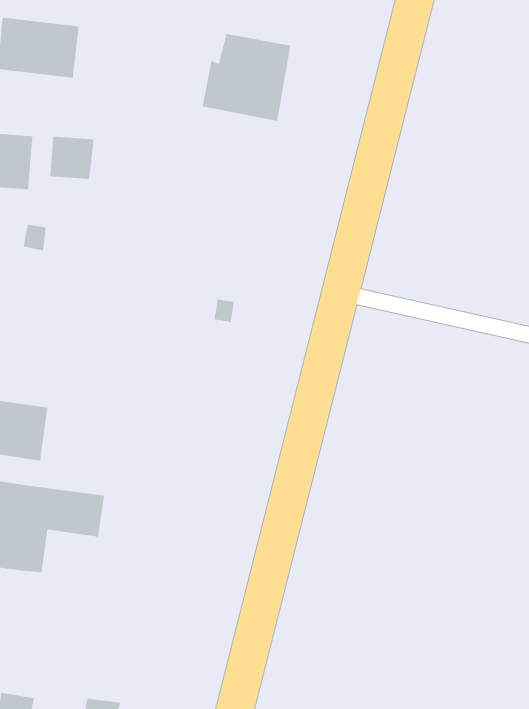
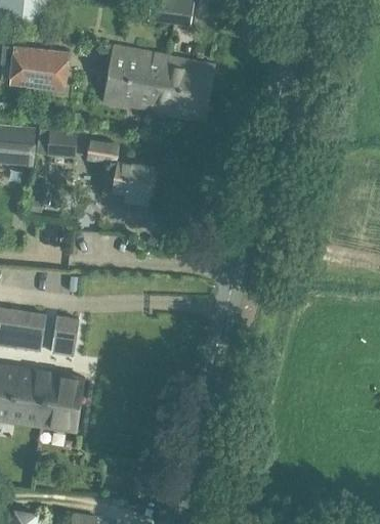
building: none -> [105,47,167,106]
building: none -> [88,140,152,203]
building: none -> [51,315,78,354]
building: none -> [41,397,80,433]

